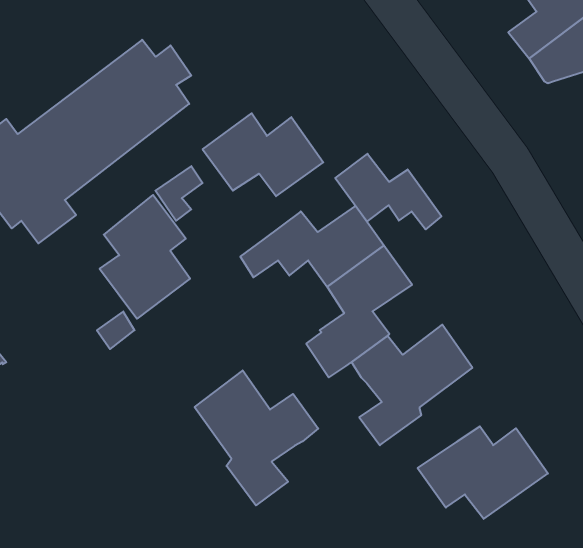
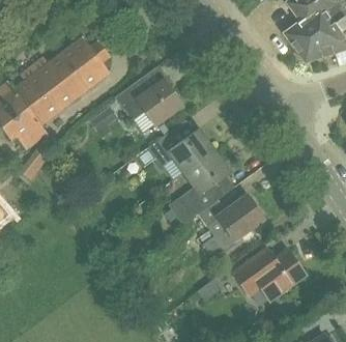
building: [335,154,441,229] -> none
building: [100,195,190,319] -> none
building: [195,370,318,505] -> none

